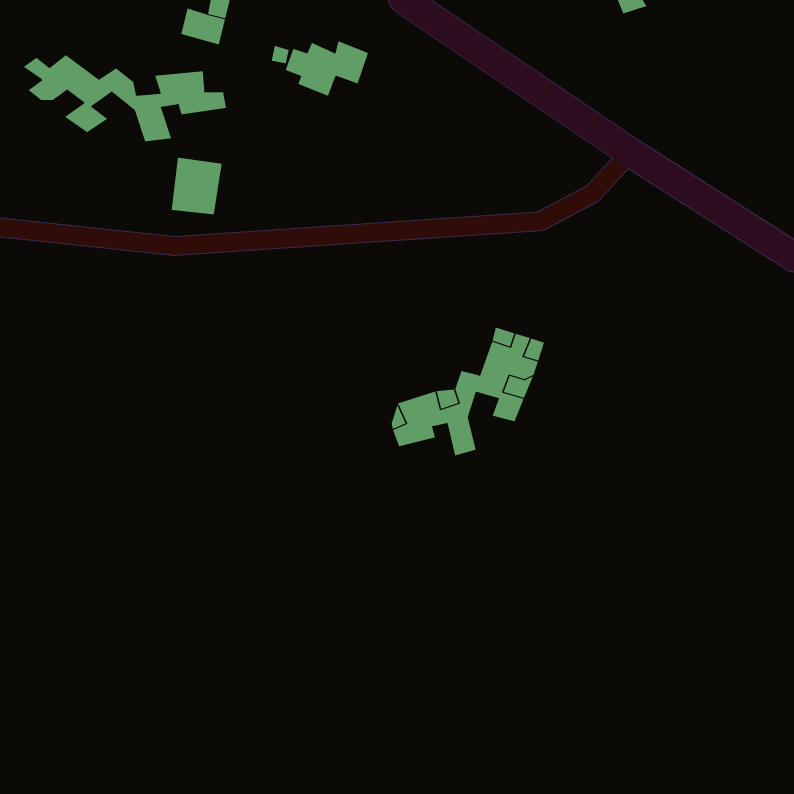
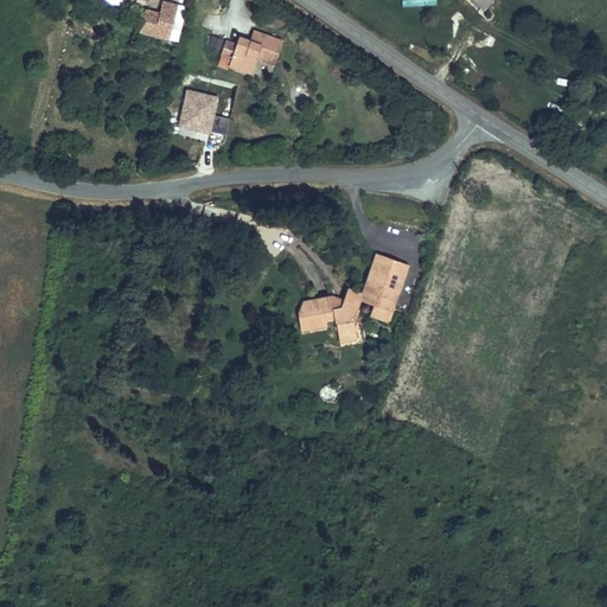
building: [22,54,226,142] -> none
building: [171,157,222,215] -> [177,89,216,133]

